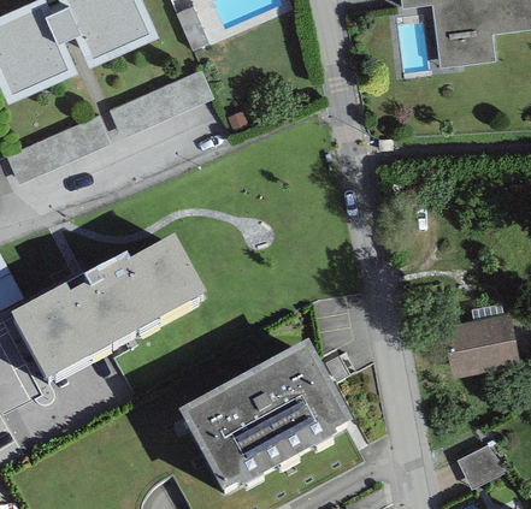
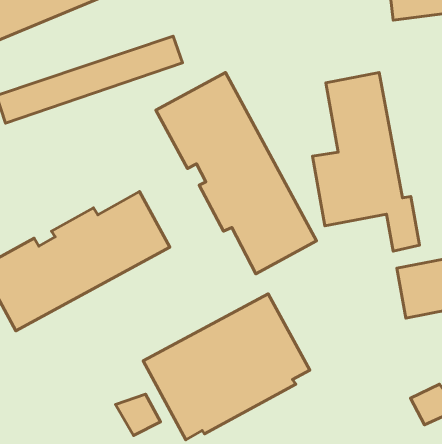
building: none -> [313,73,420,251]
building: none -> [156,73,317,274]
building: none -> [116,394,161,435]

